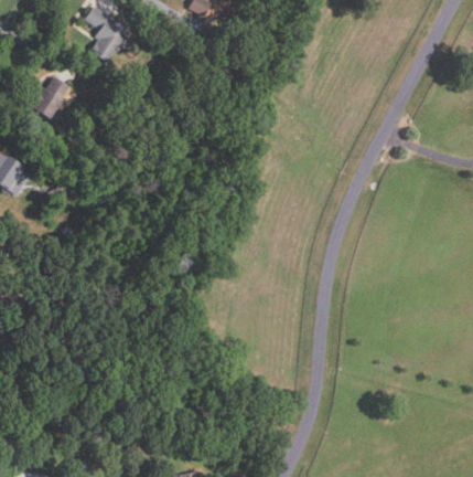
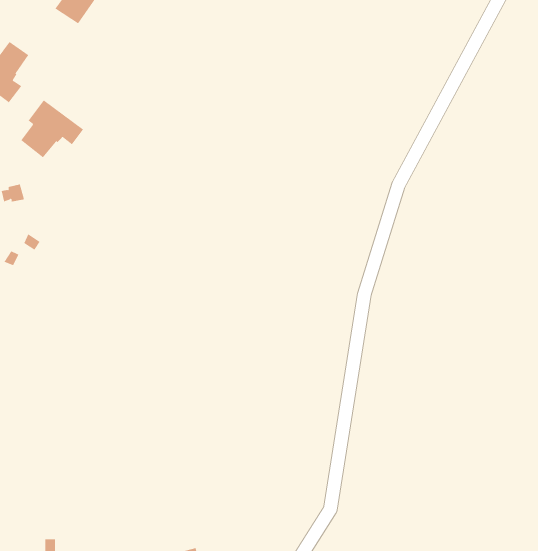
building: none -> [20,99,84,158]

